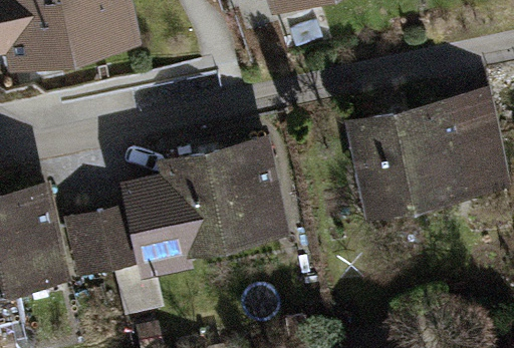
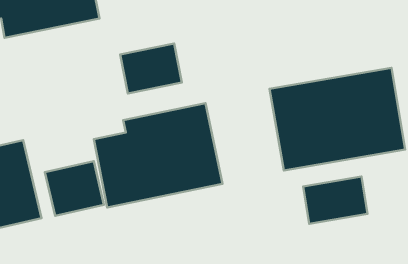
building: none -> [120,44,182,94]
building: none -> [303,176,368,224]

